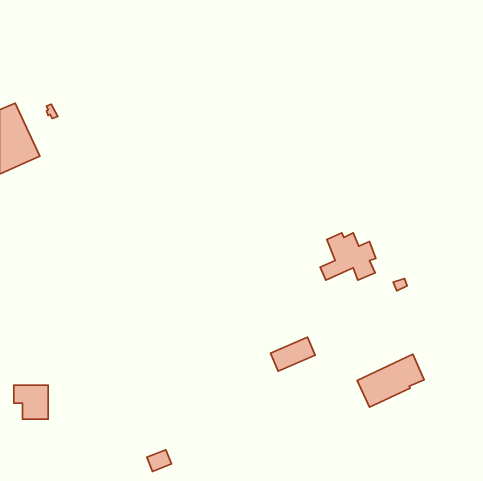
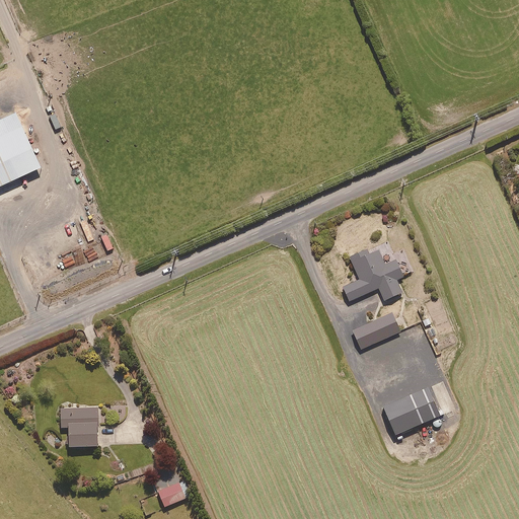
building: [271,337,315,371] -> [352,312,399,349]
building: [14,385,48,419] -> [59,407,95,444]

